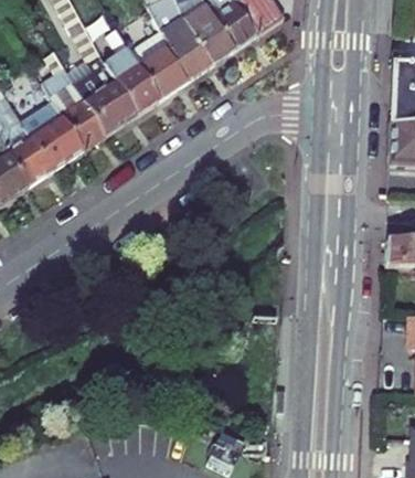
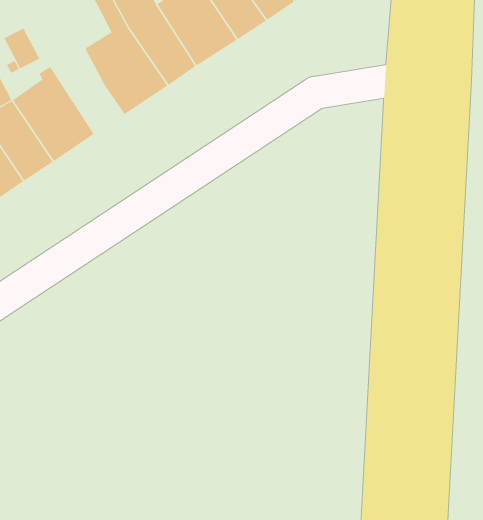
building: [52,51,109,146] -> none

